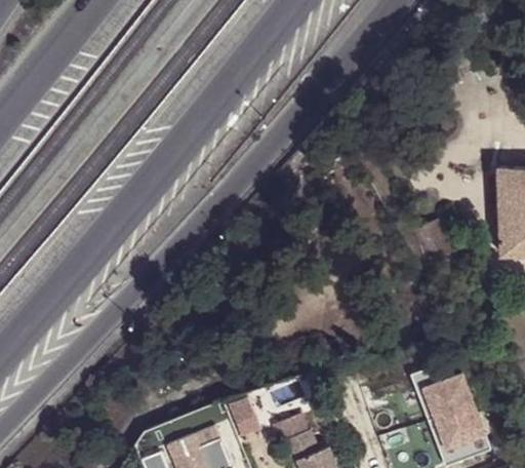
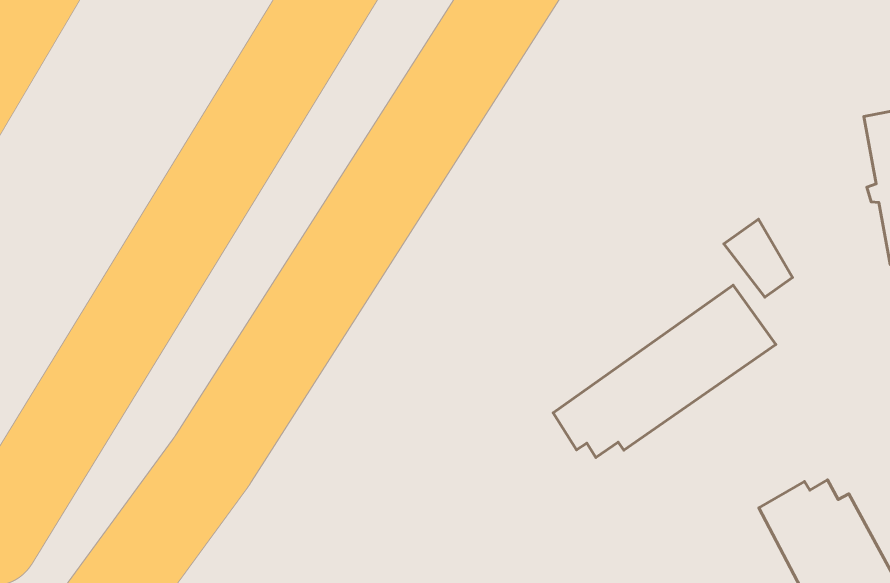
building: none -> [553,285,776,458]

